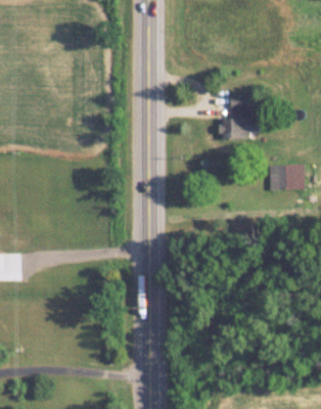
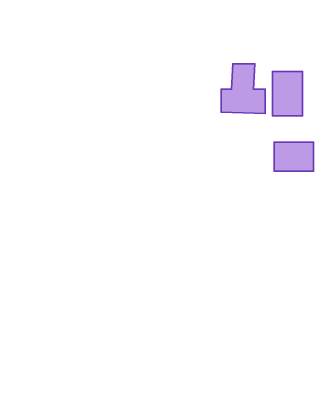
building: none -> [272,72,303,116]

